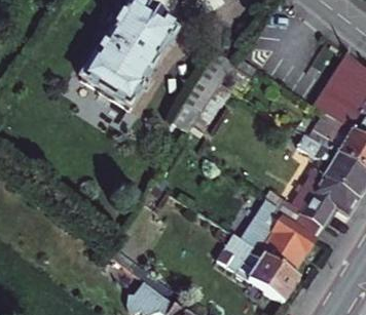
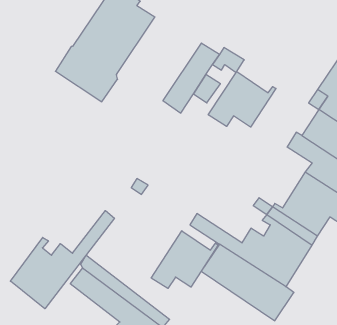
building: none -> [208,72,276,127]
building: none -> [10,211,114,309]
building: none -> [151,231,218,288]

